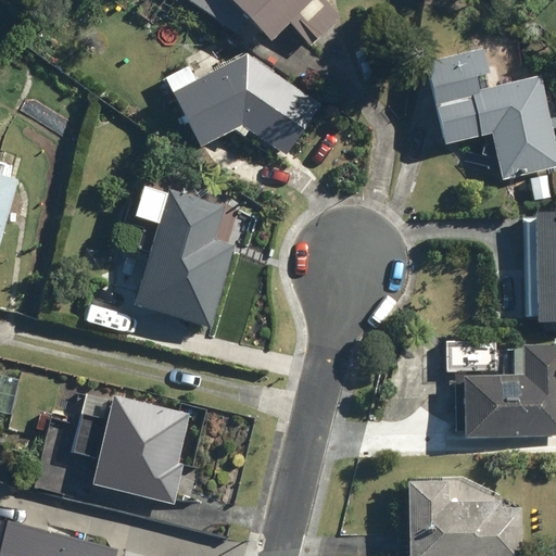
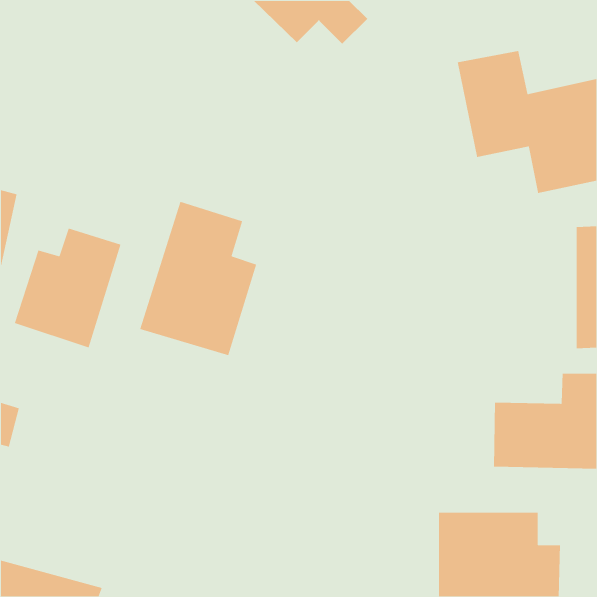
building: [169,55,328,157] -> none
building: none -> [14,228,122,349]
building: [74,391,198,506] -> none

